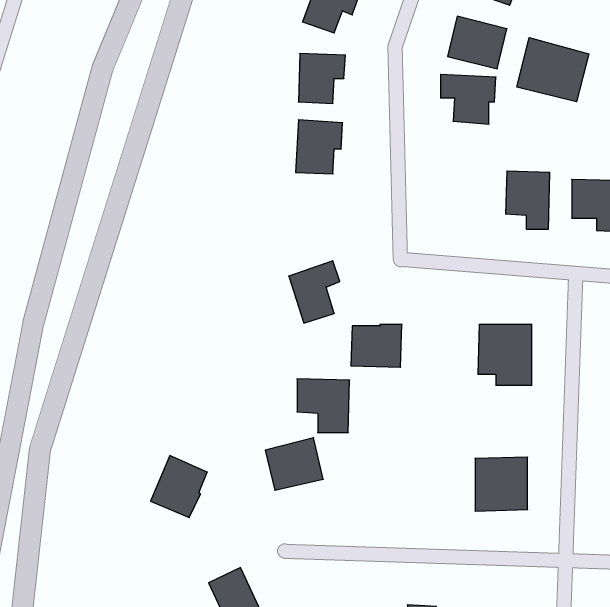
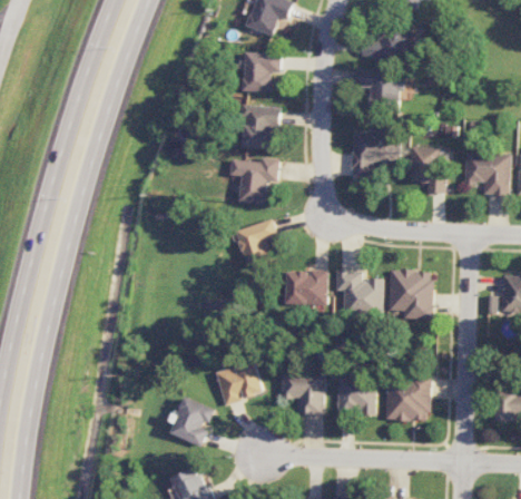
building: [517,38,589,102] -> none
building: none -> [352,131,397,179]
building: none -> [230,158,278,204]
building: none -> [336,271,383,315]
building: [297,379,350,433] -> [283,372,325,415]
building: [151,455,207,518] -> [170,397,216,447]
building: none -> [337,376,375,415]

